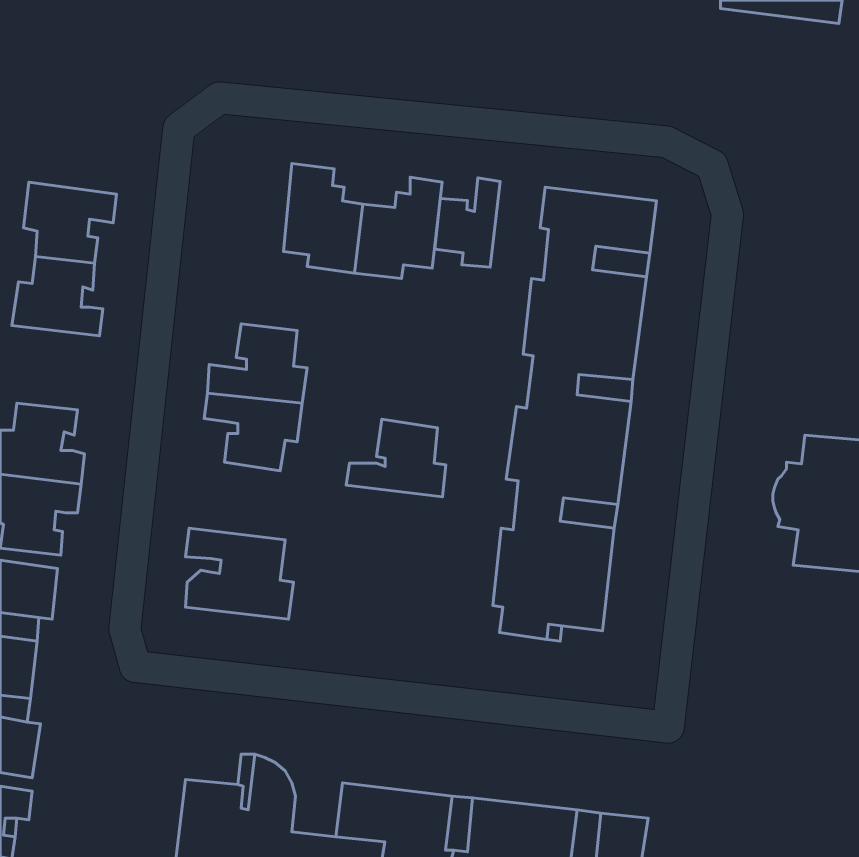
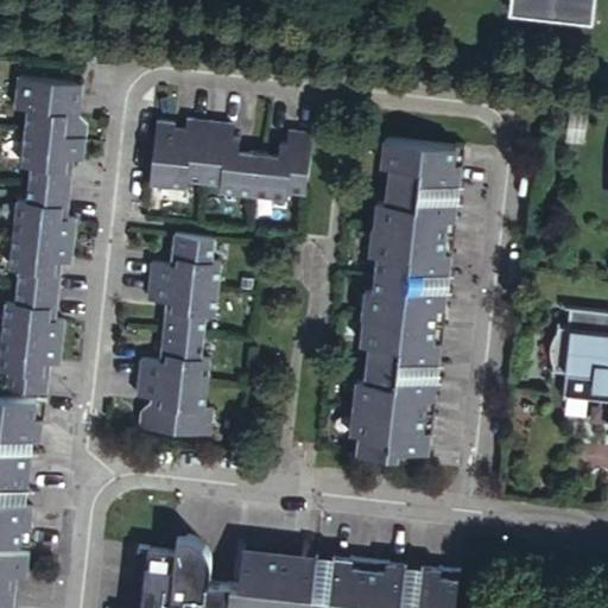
building: none -> [13,77,87,140]
building: none -> [147,116,208,188]
building: [435,178,500,267] -> none
building: none -> [7,233,72,292]
building: [346,419,446,497] -> [135,329,205,384]

